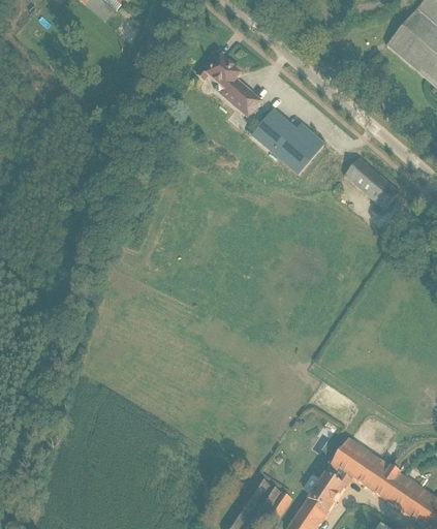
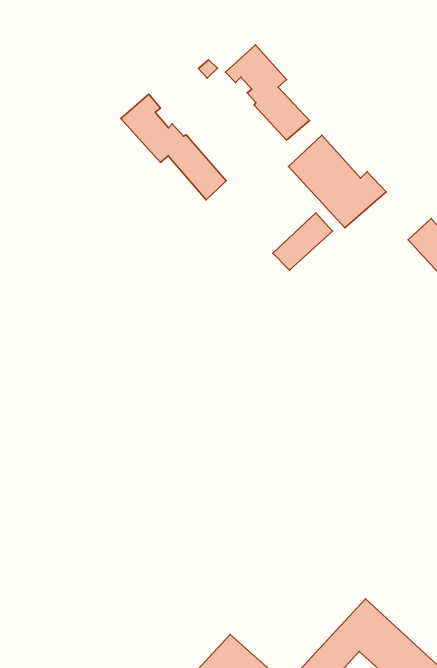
building: none -> [121,94,226,200]
building: none -> [273,213,333,270]

